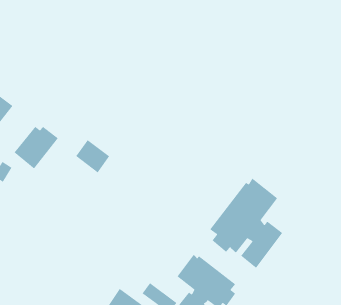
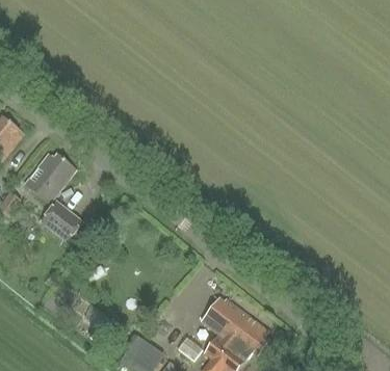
building: [75,139,110,173] -> [43,203,81,240]
building: [209,177,283,269] -> none

